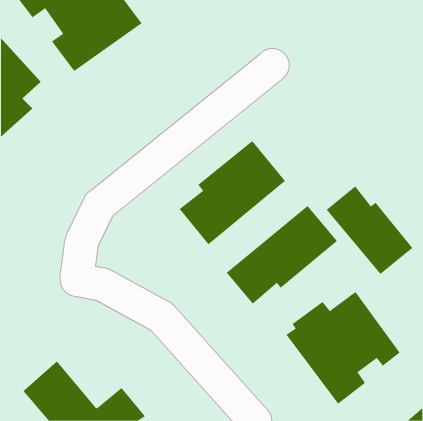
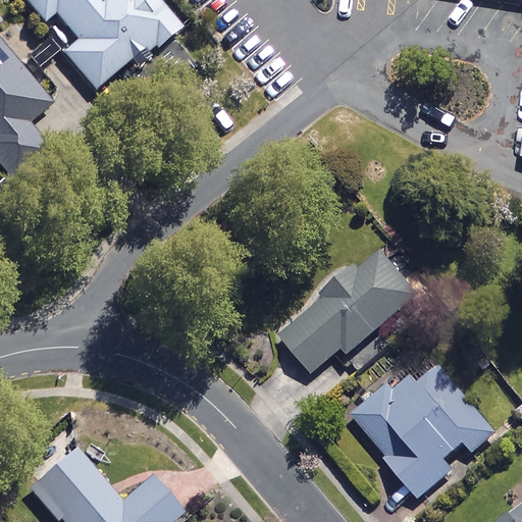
building: [179,140,286,245] -> none
building: [326,186,413,275] -> none

